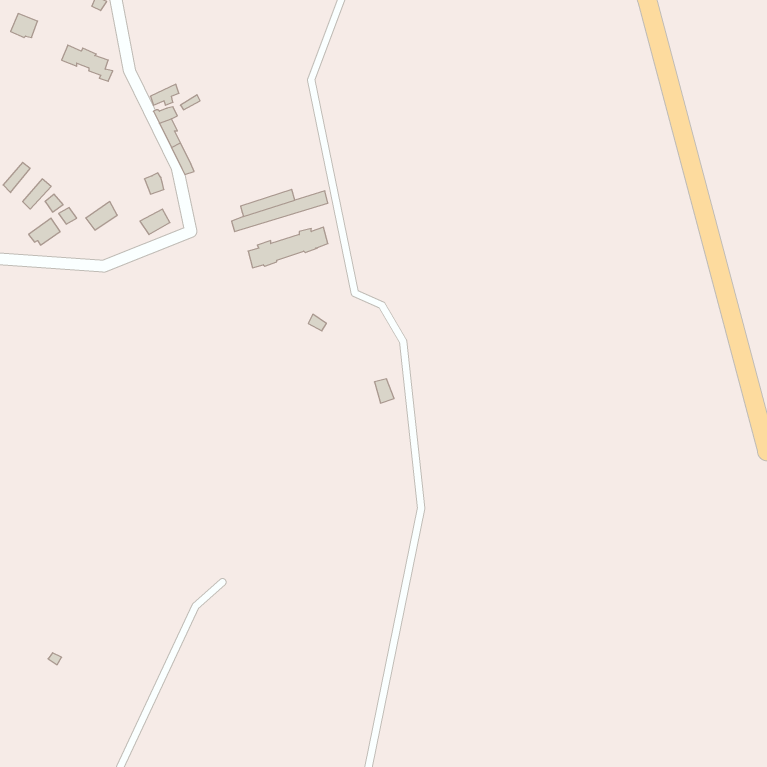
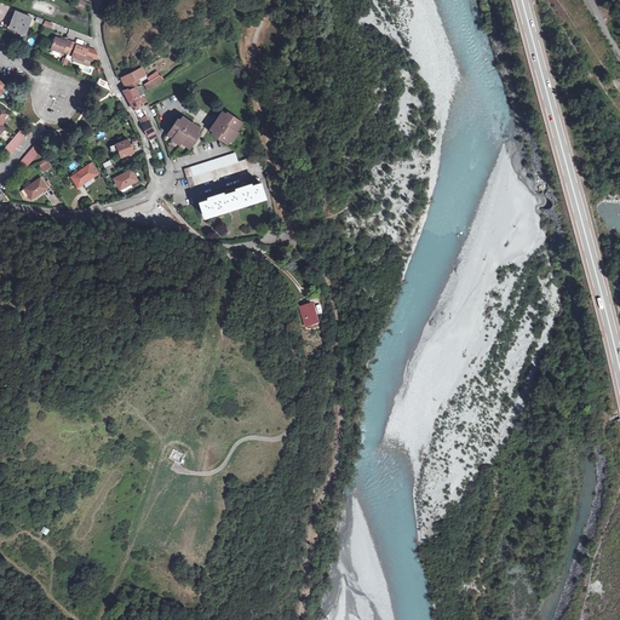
building: none -> [211,113,241,143]
building: none -> [170,116,200,147]

